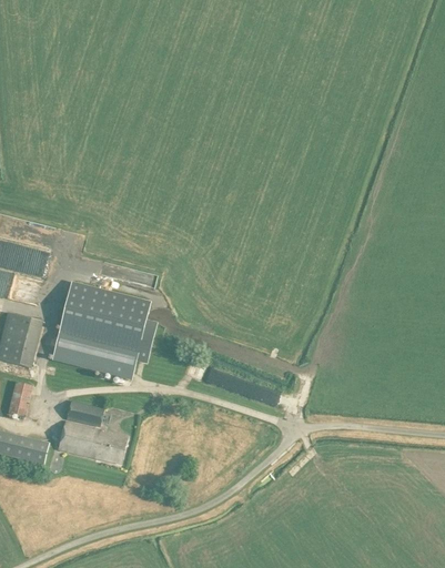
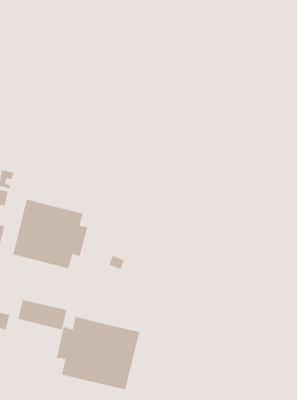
building: [67,399,103,426] -> none
building: none -> [56,316,140,390]

